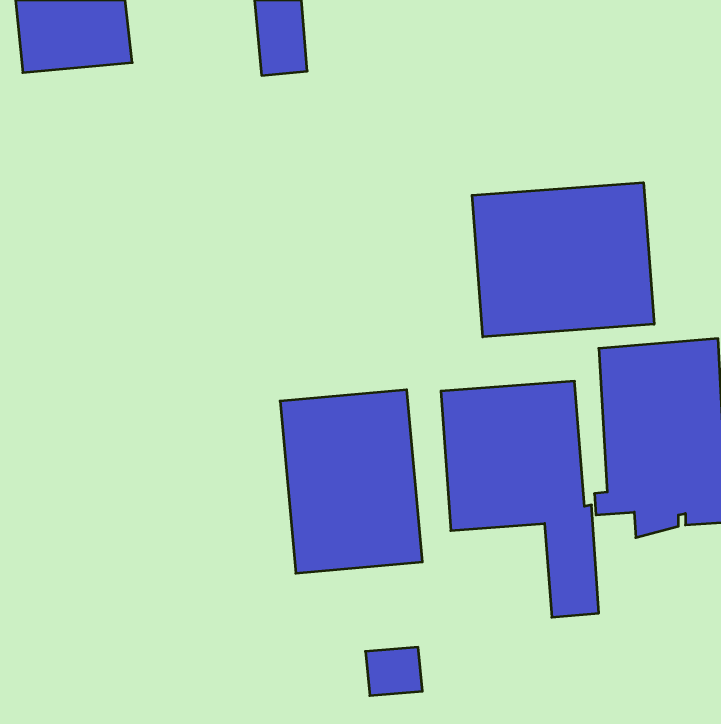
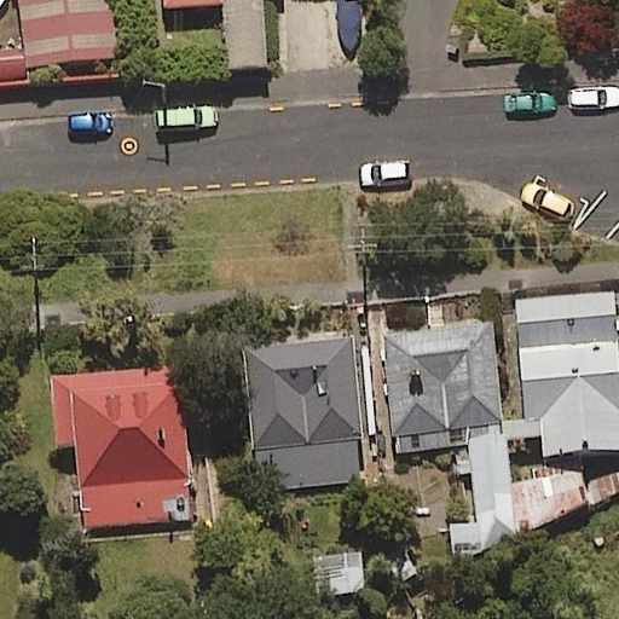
building: [472,183,654,337] -> none
building: none -> [53,370,190,527]

